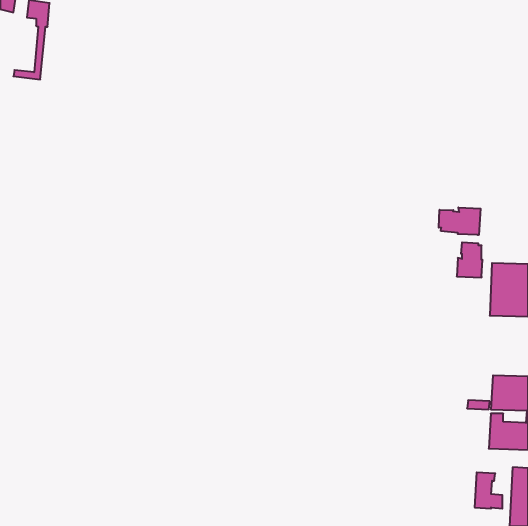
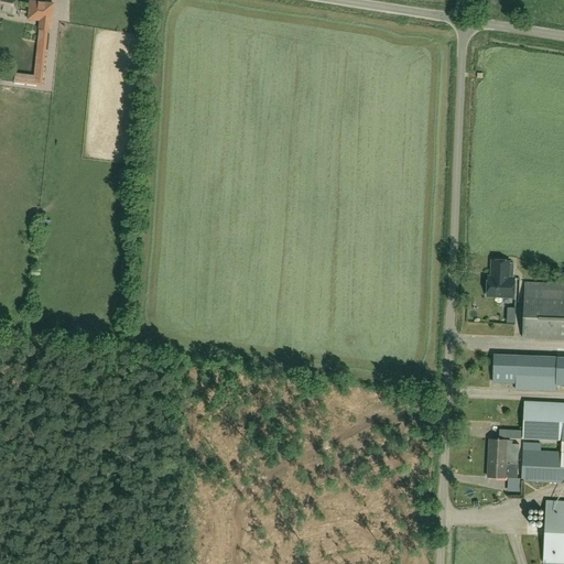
building: [439,207,481,235] -> none
building: none -> [491,352,557,390]
building: [475,472,502,509] -> [488,438,518,477]

